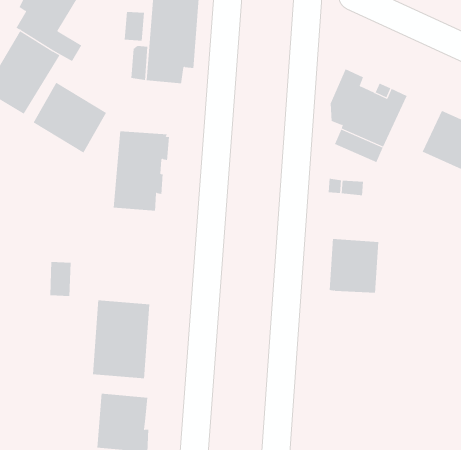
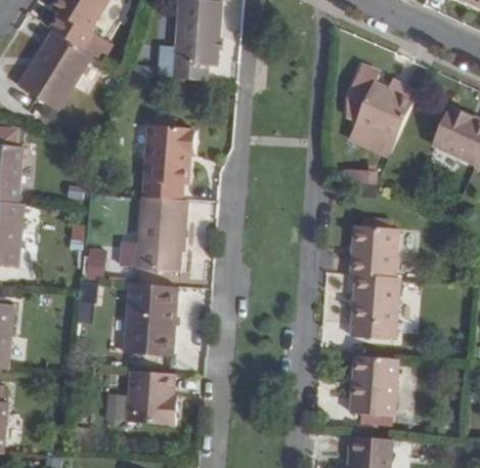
building: [33,82,107,153] -> none
building: none -> [121,197,187,271]
building: none -> [346,274,393,326]
building: none -> [350,355,398,416]

